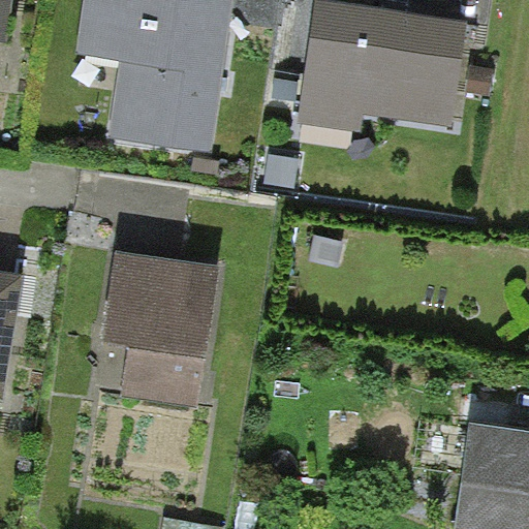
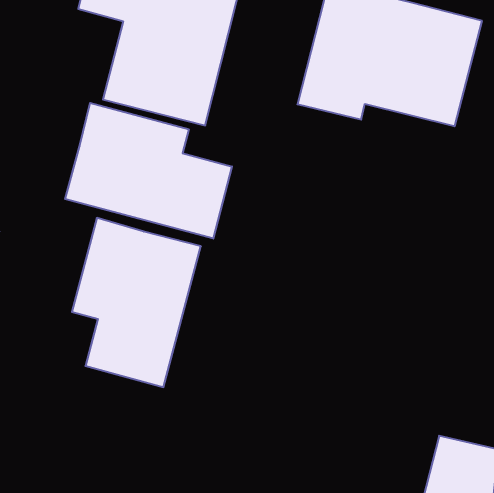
building: none -> [65,103,232,239]

